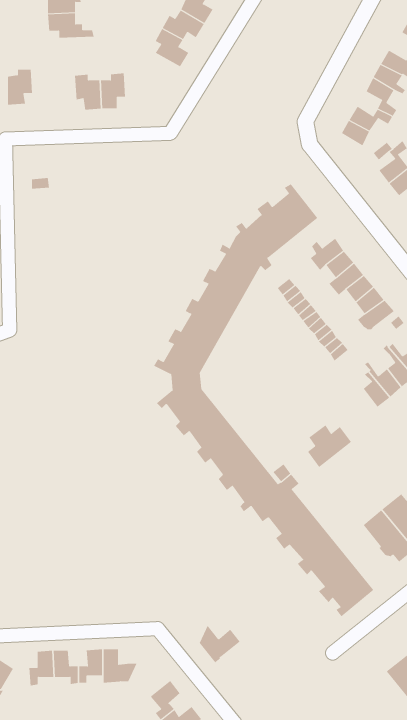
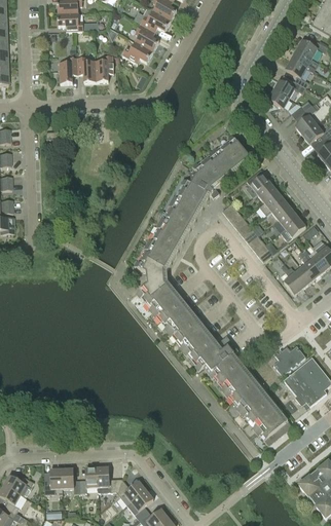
building: none -> [122,41,153,63]
building: [7,69,33,105] -> [60,58,78,83]
building: [307,425,352,468] -> [273,344,305,375]
building: [199,624,241,663] -> [116,478,146,505]

